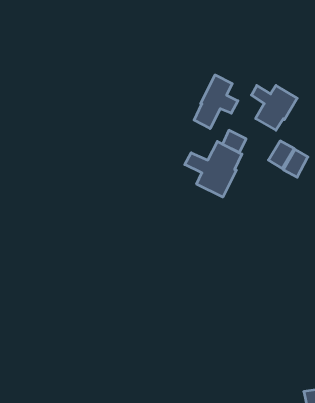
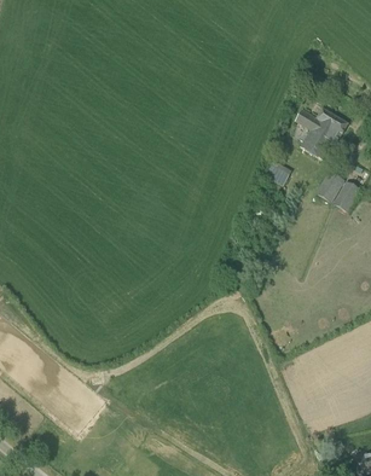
building: [194,75,238,129] -> none
building: [185,141,242,197] -> none

